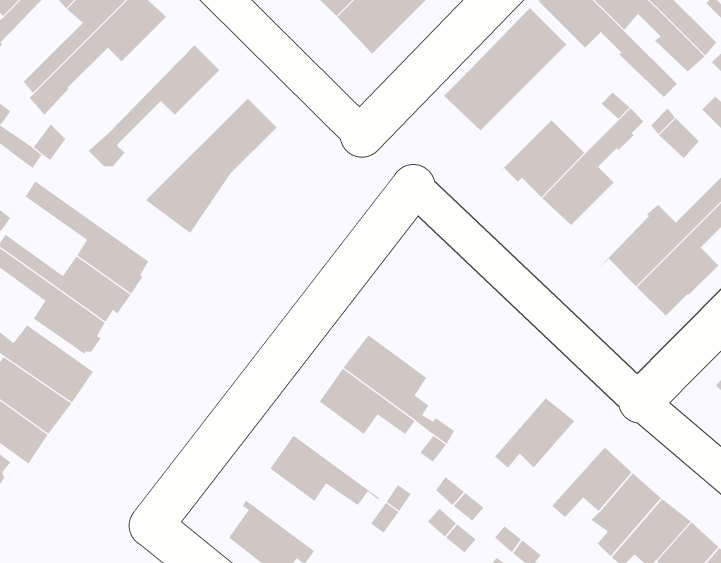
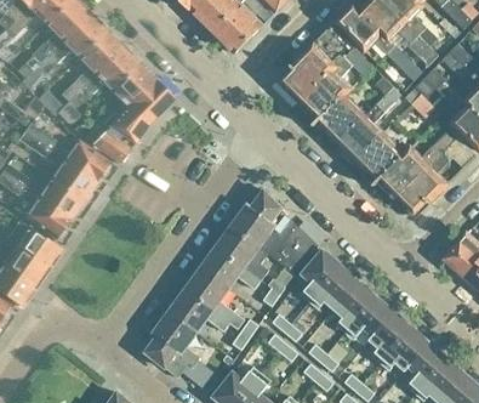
building: none -> [63,32,124,103]
building: none -> [300,49,371,126]
building: none -> [85,64,156,144]
building: none -> [25,125,109,182]
building: none -> [355,134,403,186]
building: none -> [230,189,318,273]
building: none -> [297,250,340,302]
building: none -> [184,268,244,328]
building: none -> [332,280,376,333]
building: none -> [155,310,200,361]

